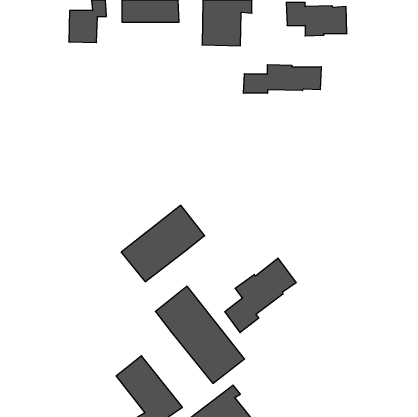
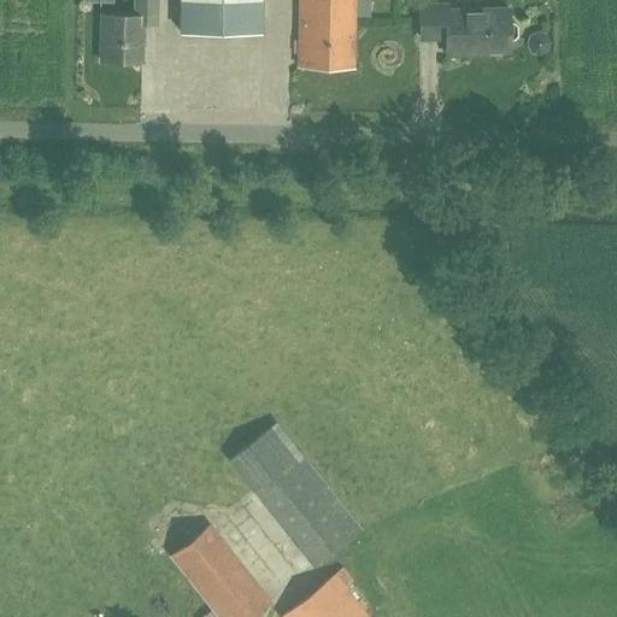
building: [243,65,321,93] -> none
building: [121,205,205,282] -> none
building: [225,258,296,333] -> none

